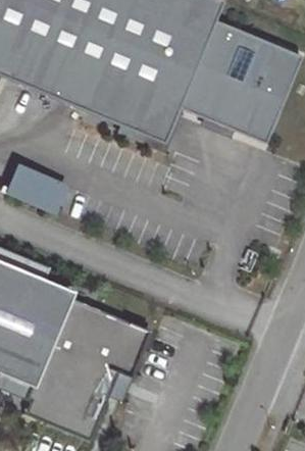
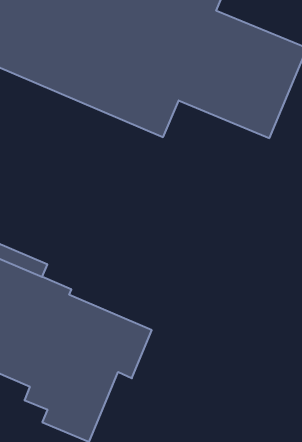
building: [9,164,57,206] -> none

